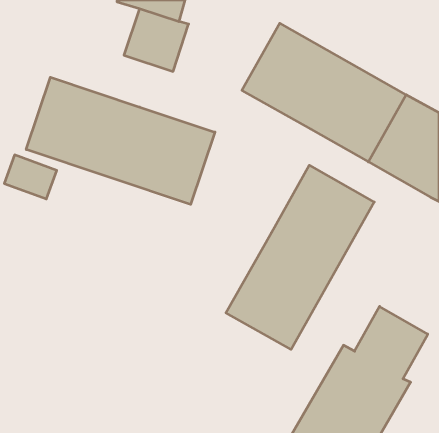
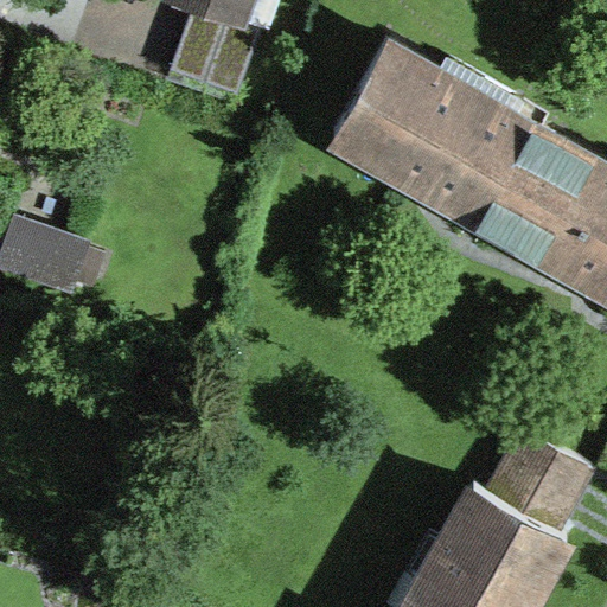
building: [26,77,215,204] -> none
building: [226,165,374,349] -> none

